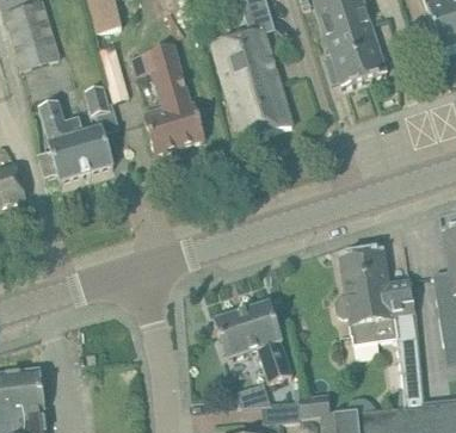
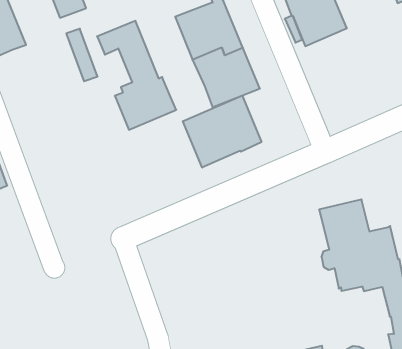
building: [37,85,119,181] -> none
building: none -> [183,96,261,168]
building: [214,301,291,382] -> none

